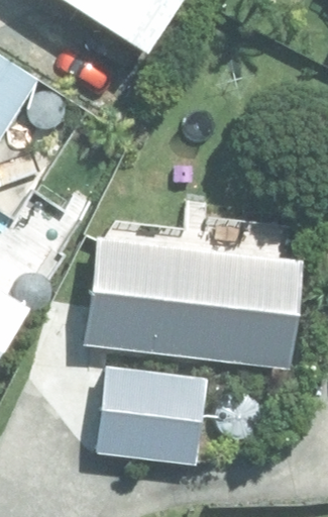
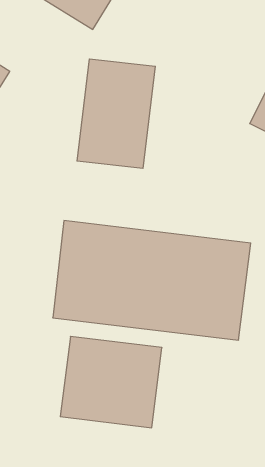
building: none -> [77,59,155,168]

